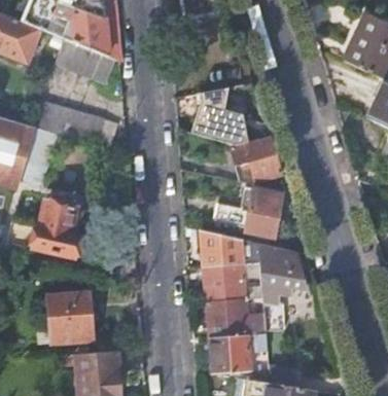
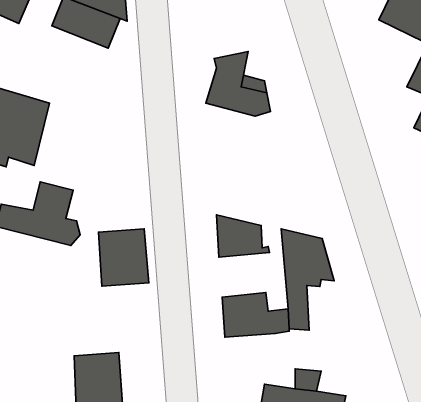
building: [35,101,119,149] -> none
building: [231,135,281,184] -> none
building: [214,188,282,236] -> none
building: [204,263,248,302] -> none
building: [49,293,94,344] -> [98,229,149,286]
building: [209,332,268,373] -> none

